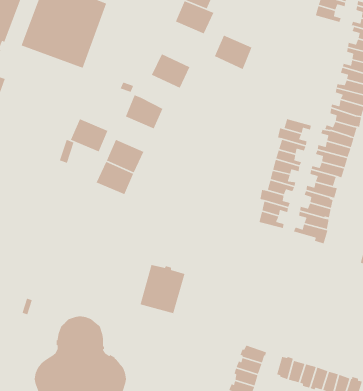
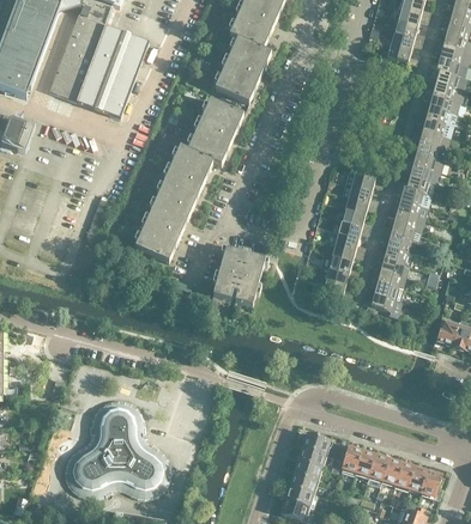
building: [214,35,253,70] -> [215,62,259,103]
building: none -> [187,123,231,164]
building: [70,118,109,153] -> [157,171,201,211]
building: [139,264,185,314] -> [212,248,265,305]

